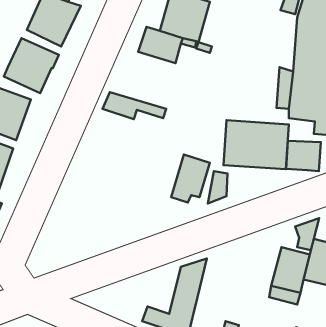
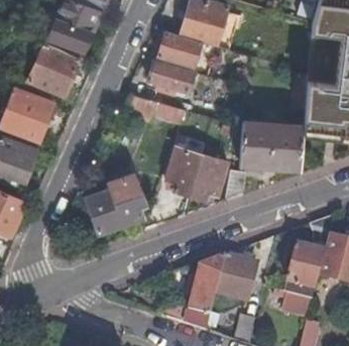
building: none -> [147,59,194,91]
building: [286,141,321,171] -> none
building: none -> [164,147,202,196]
building: none -> [85,174,142,233]
building: none -> [215,255,257,302]

